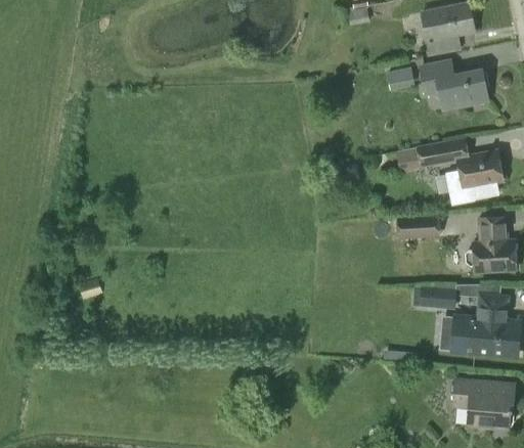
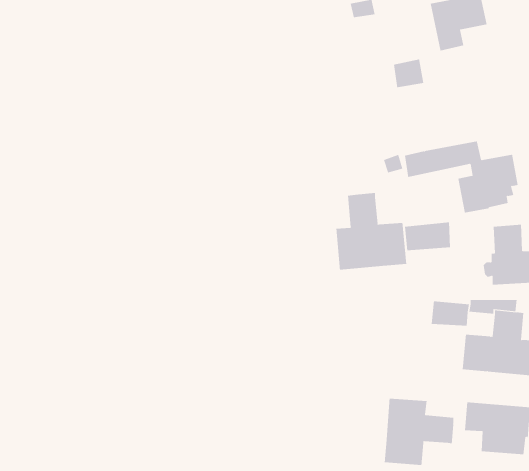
building: [419,58,487,108] -> none
building: none -> [336,192,407,270]
building: none -> [384,398,454,466]

